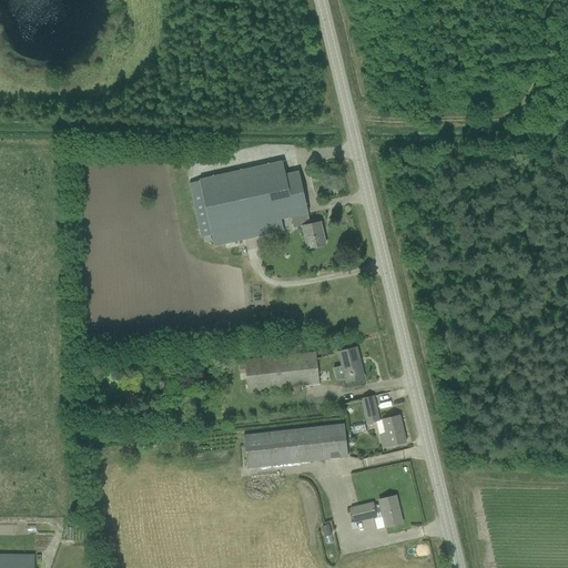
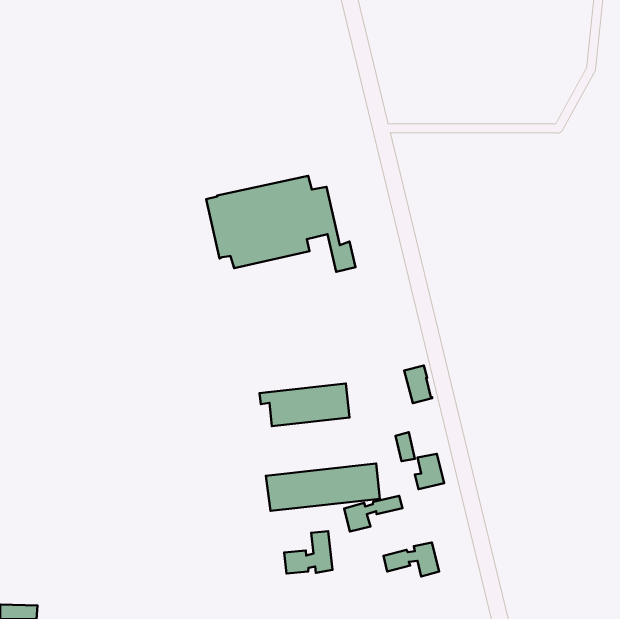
building: [338,347,364,382] -> [404,366,432,403]
building: none -> [344,496,403,531]
building: none -> [284,531,332,573]

